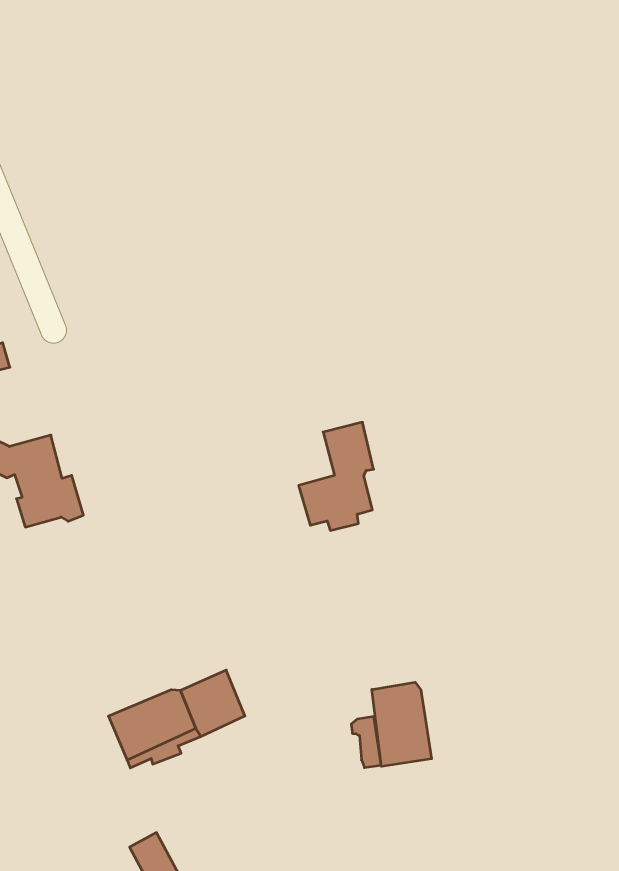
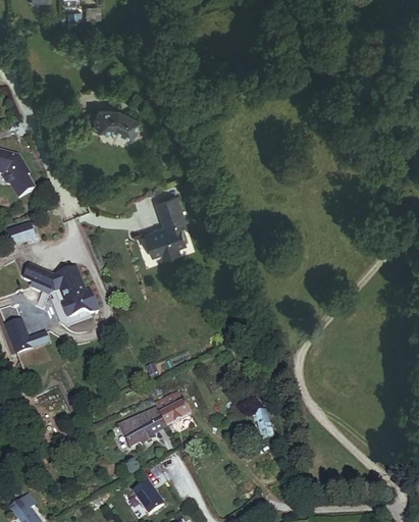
building: none -> [93,109,140,138]
building: [299,422,374,530] -> [143,196,185,257]
building: [372,682,432,766] -> none

